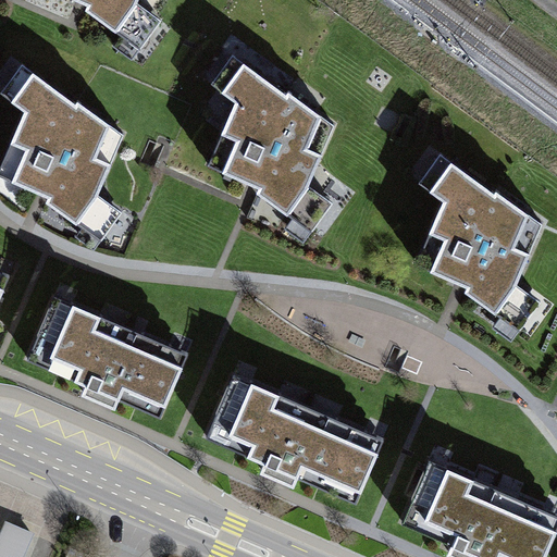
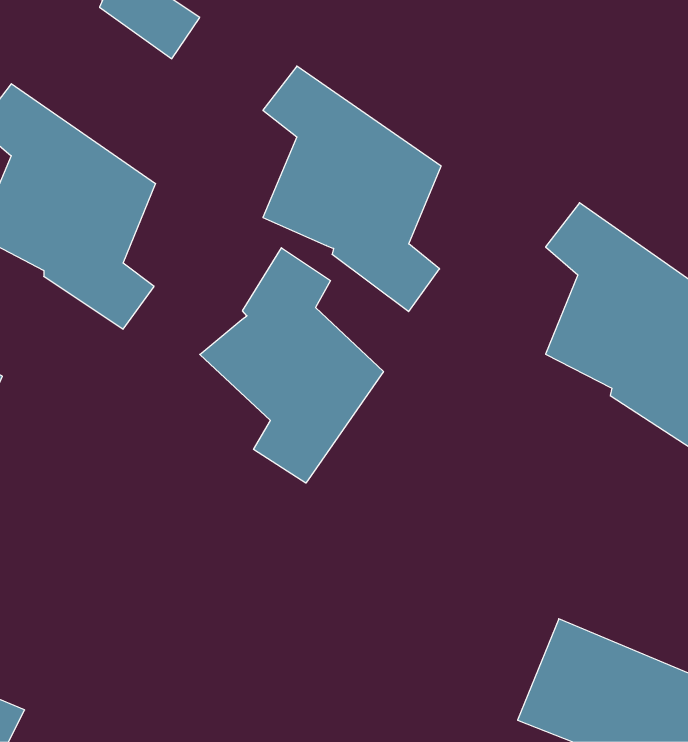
building: none -> [200,248,383,483]
building: [17,295,194,430] -> none
building: [199,375,388,516] -> none

